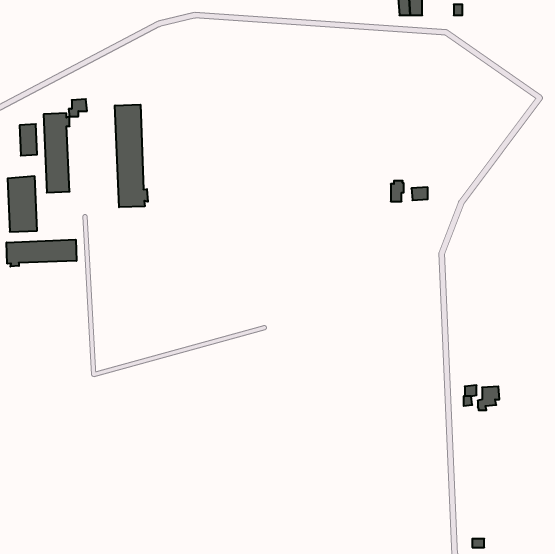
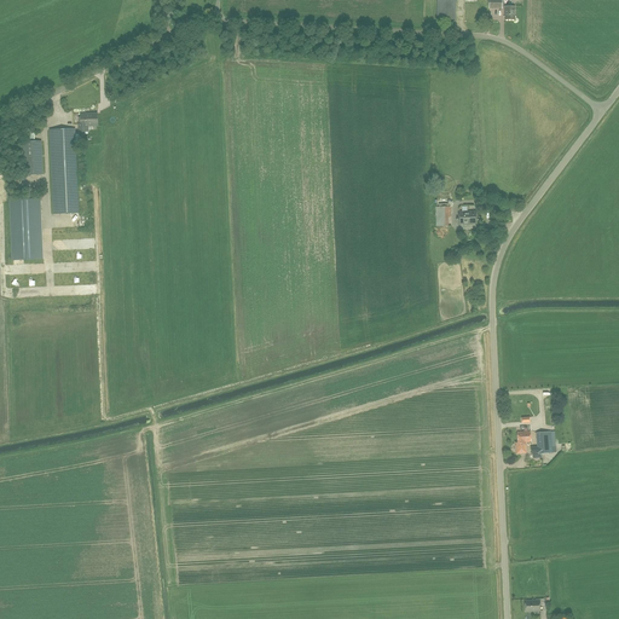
building: [115,105,148,207] -> none
building: [7,240,76,267] -> none

